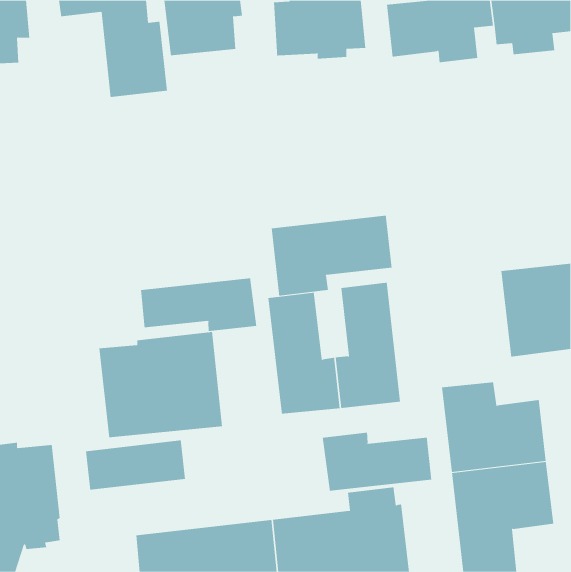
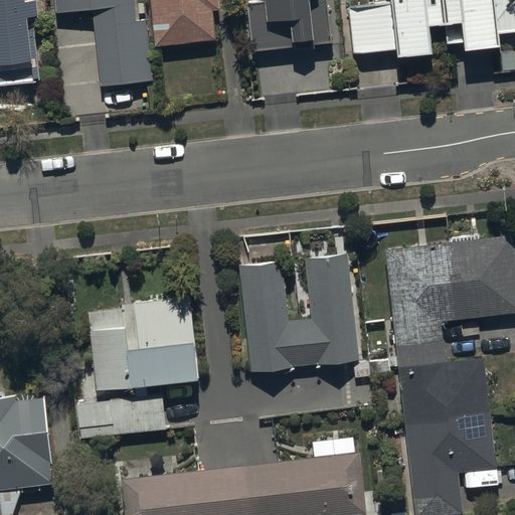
building: [271,215,392,296] -> none
building: none -> [385,243,459,348]
building: [140,278,257,332] -> none
building: [322,432,432,492] -> none

